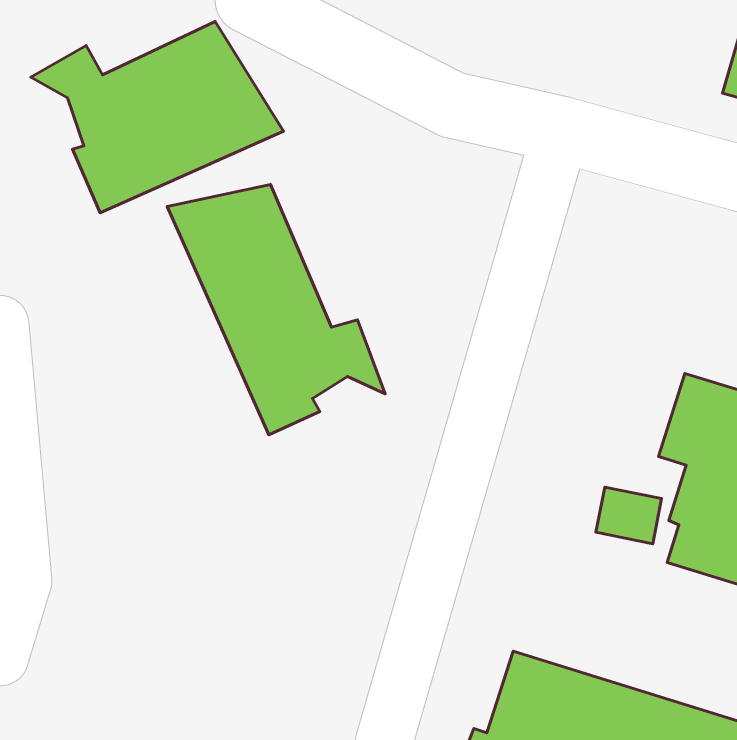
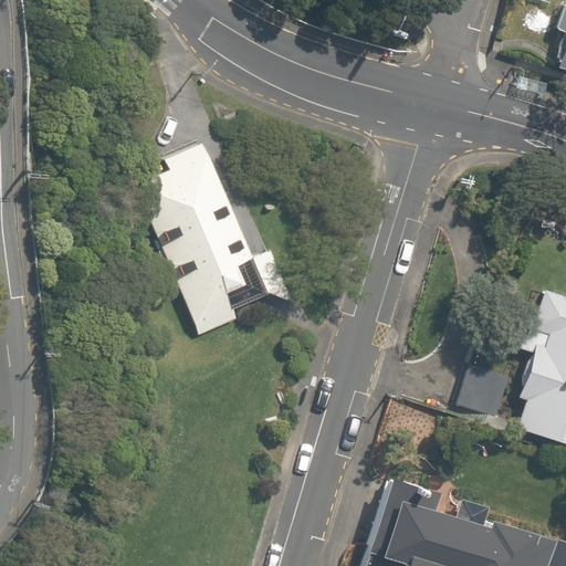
building: [31,21,283,213] -> none

